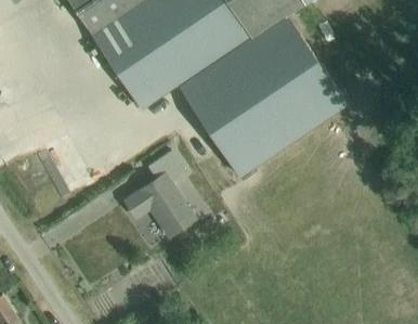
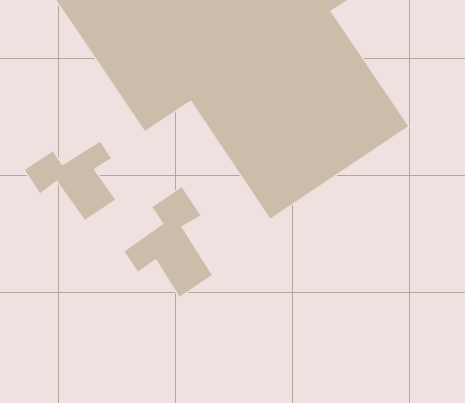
building: none -> [24,141,116,221]

